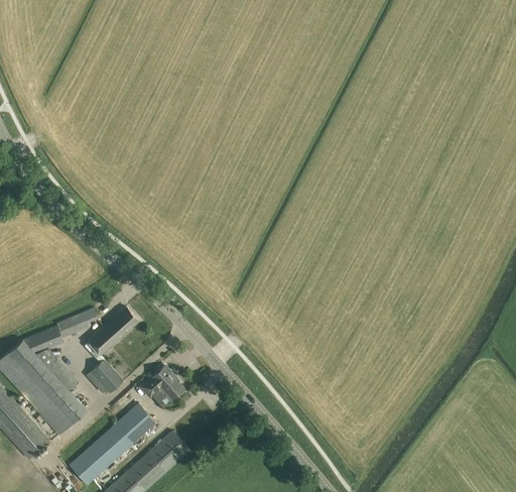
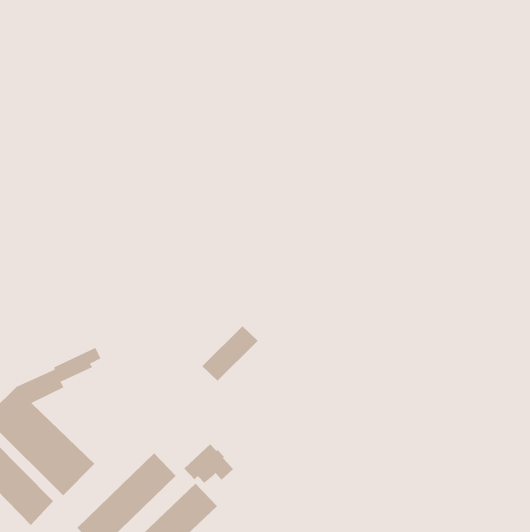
building: [89,307,139,355] -> [201,325,258,382]
building: [87,359,124,393] -> none
building: [140,366,183,400] -> [184,444,234,484]

